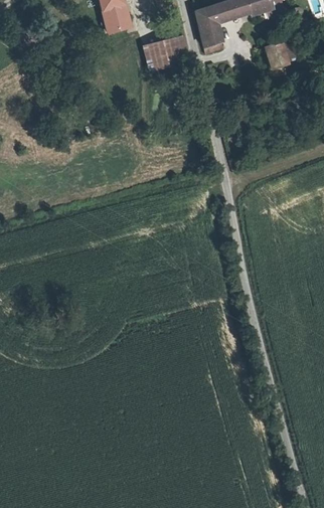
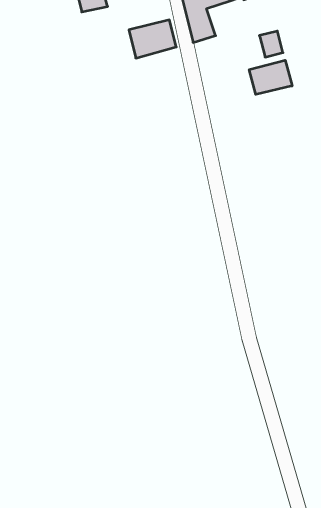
building: none -> [249,60,292,94]

